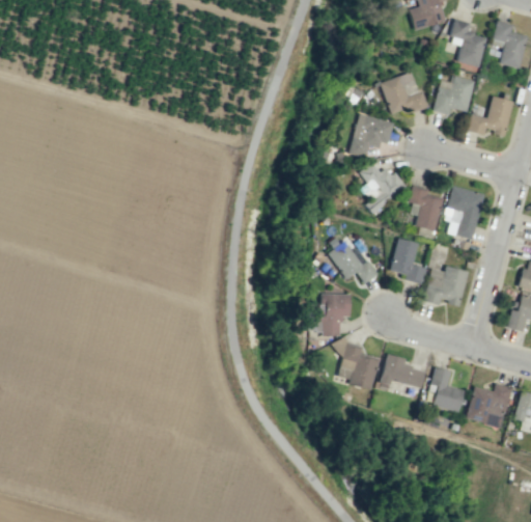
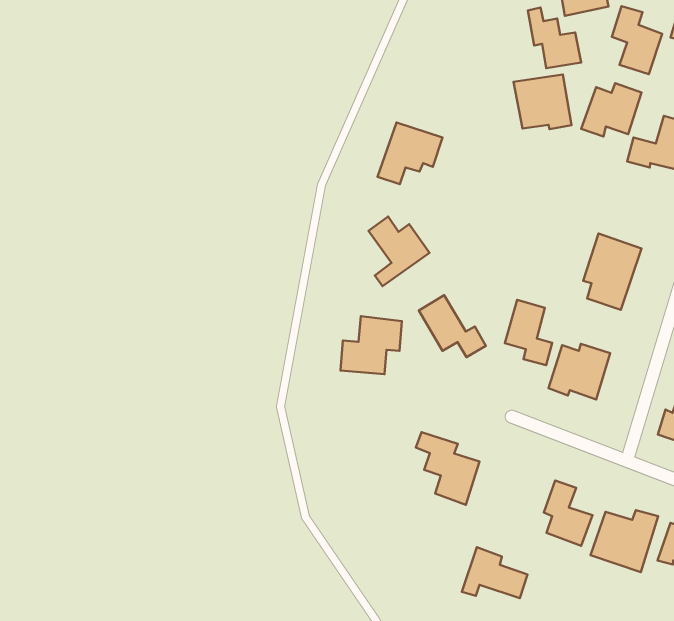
building: none -> [528,8,581,68]
building: [350,113,394,158] -> [378,122,442,184]
building: [359,162,404,213] -> [368,217,430,286]
building: [409,185,443,230] -> none
building: [309,293,351,333] -> [341,316,402,374]
building: [379,353,425,388] -> [462,547,528,598]

